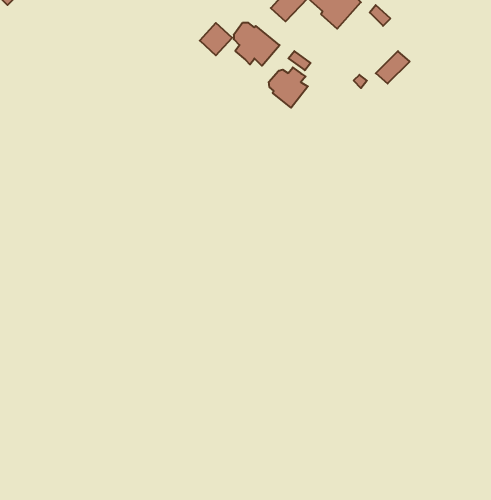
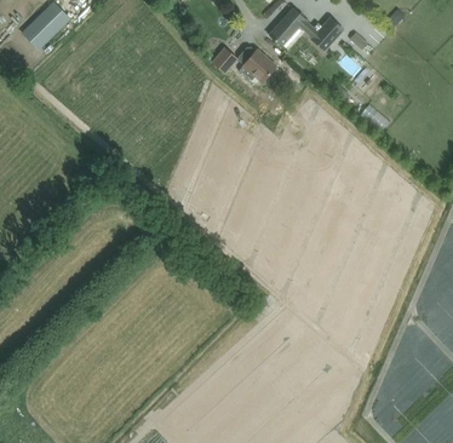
building: [269,67,308,108] -> none

